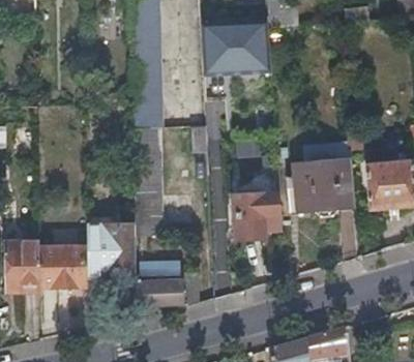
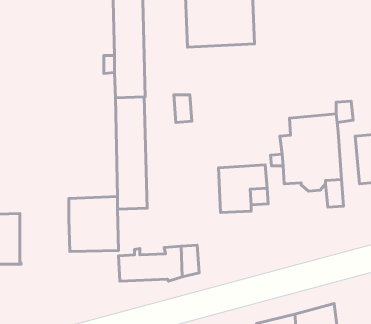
building: [38,244,87,285] -> none

